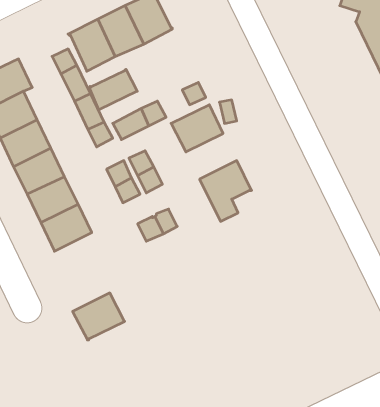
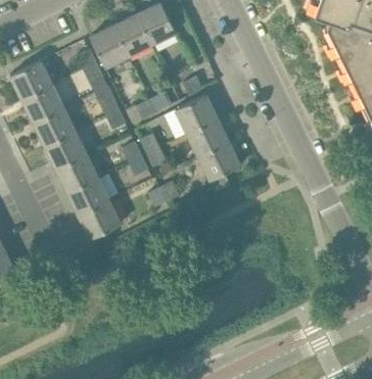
building: [89,69,137,110] -> none
building: none -> [187,119,229,156]
building: [73,293,125,340] -> [79,200,122,239]

